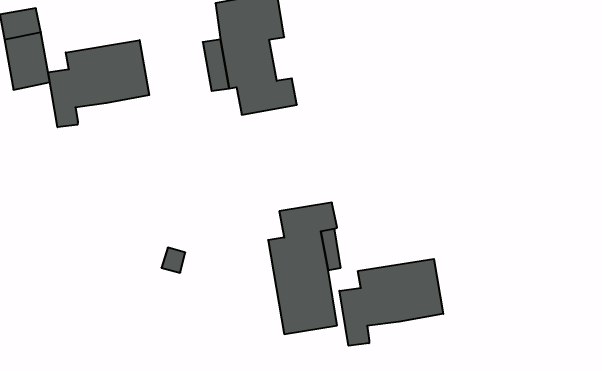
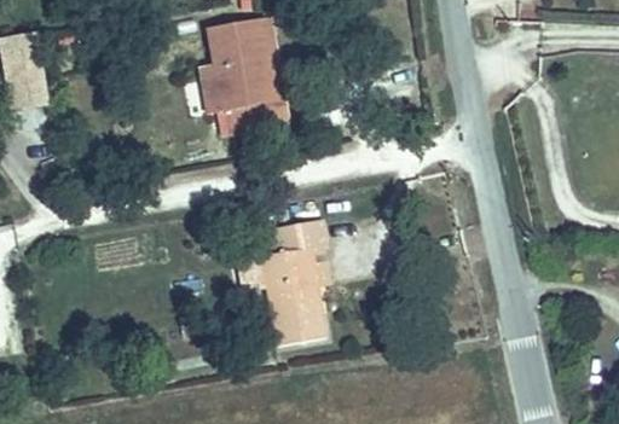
building: [48,40,149,127] -> none
building: [339,259,443,346] -> none

